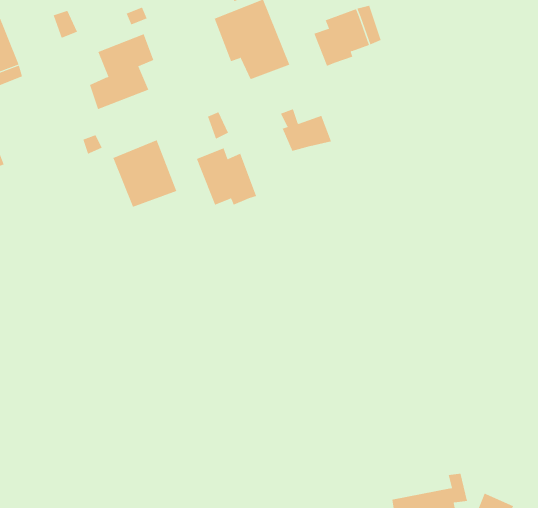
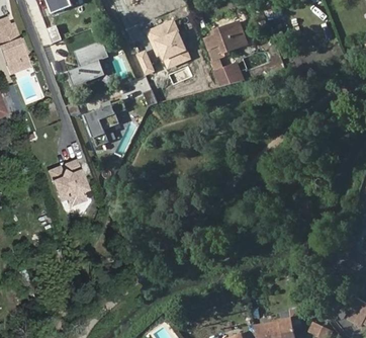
building: [280,108,332,152] -> [212,60,244,86]
building: [196,148,257,206] -> none
building: none -> [50,158,88,203]

